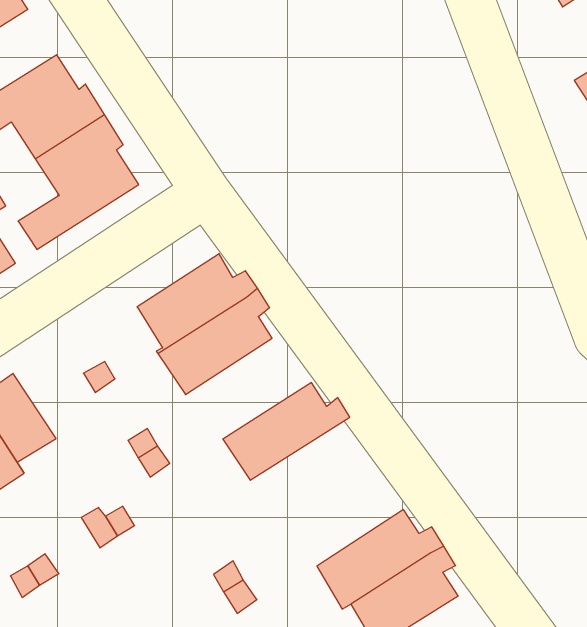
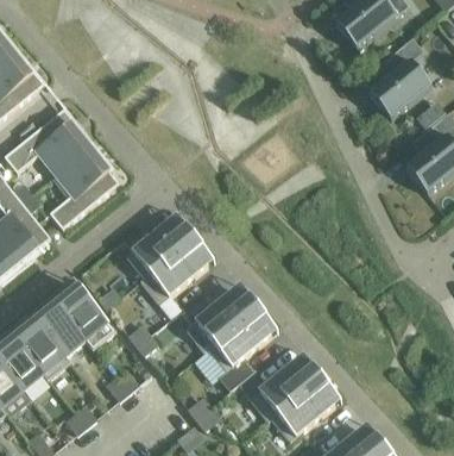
building: none -> [56,285,115,348]
building: none -> [203,306,271,391]

